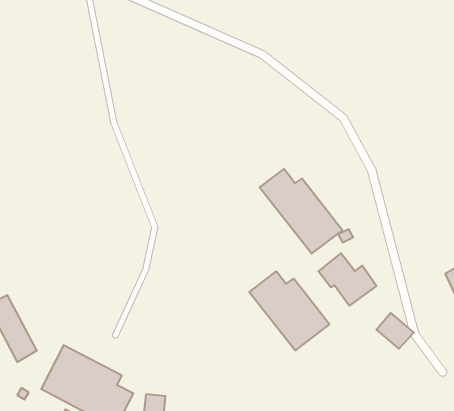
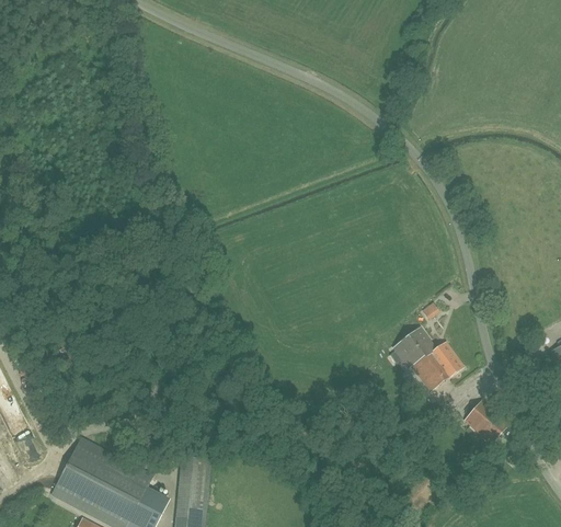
building: [260,169,342,254] -> none
building: [249,271,329,350] -> none

